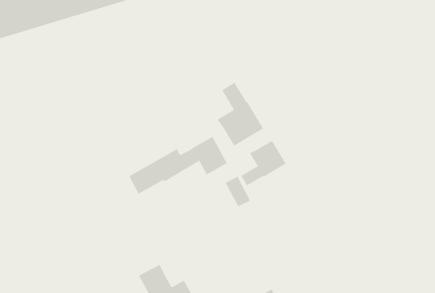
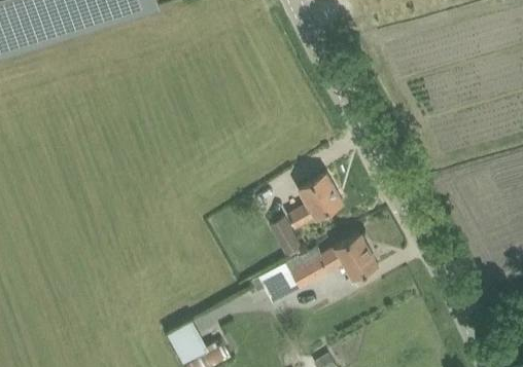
building: [217,82,264,146] -> none
building: [129,136,227,194] -> [260,233,378,302]

